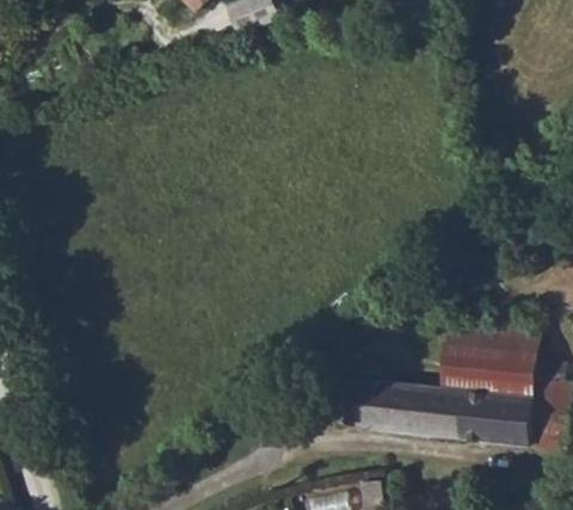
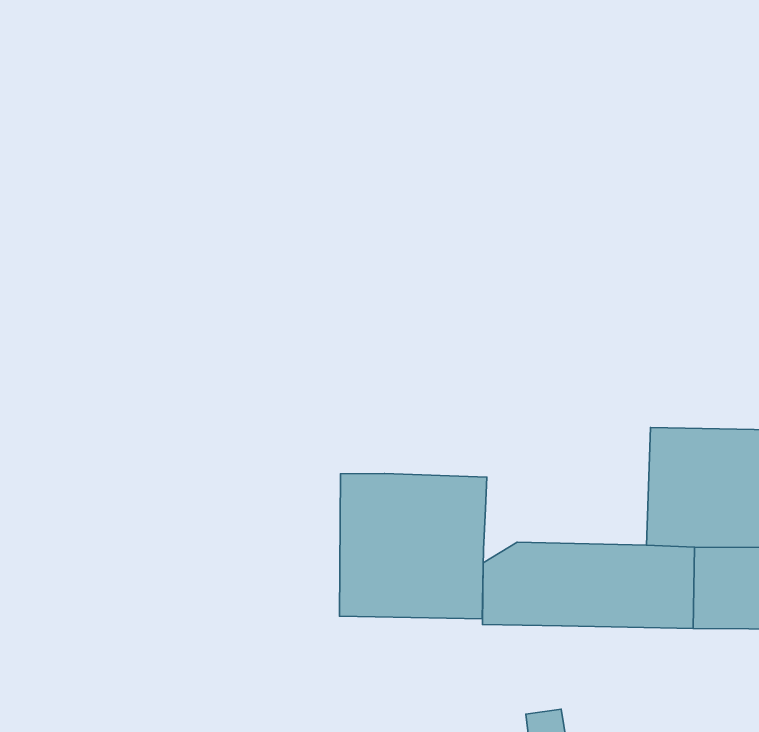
building: none -> [339,473,487,619]

